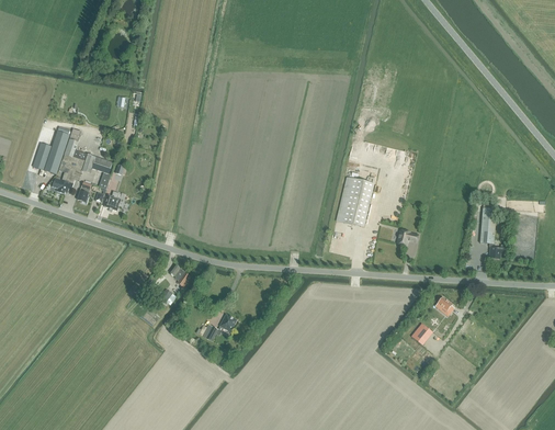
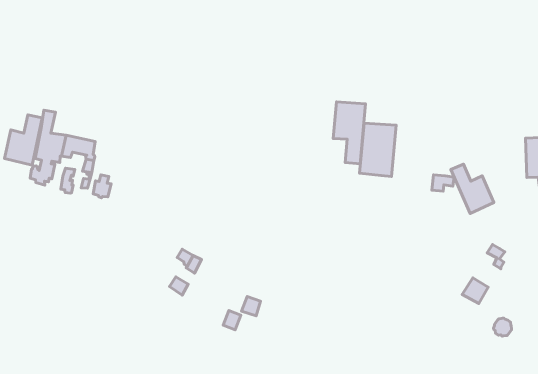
building: none -> [333,102,366,164]
building: none -> [451,164,494,214]

